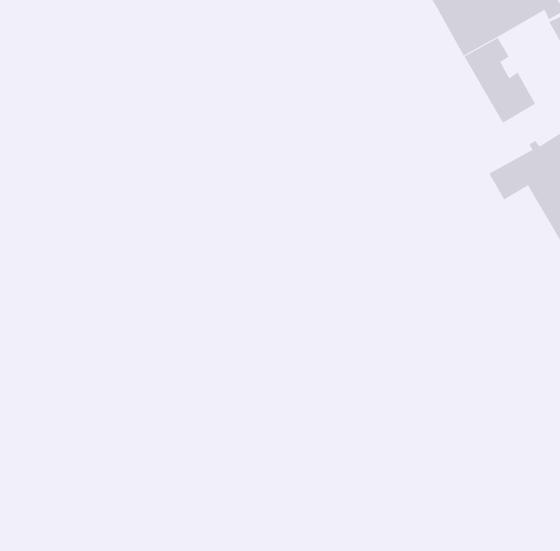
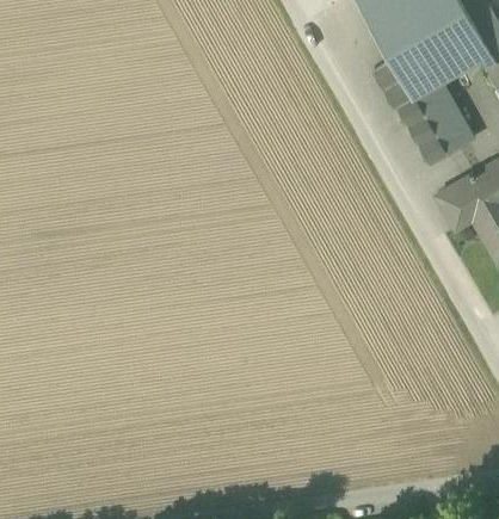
building: none -> [374,56,445,160]

